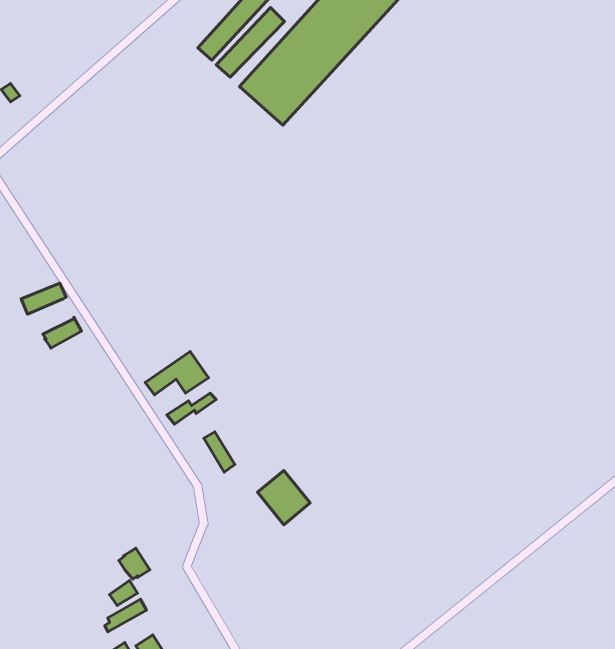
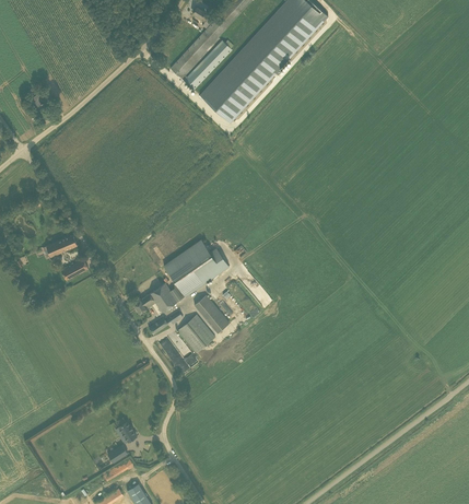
building: none -> [163,239,228,298]
building: none -> [194,294,230,332]
building: [258,470,310,525] -> [177,314,214,352]

